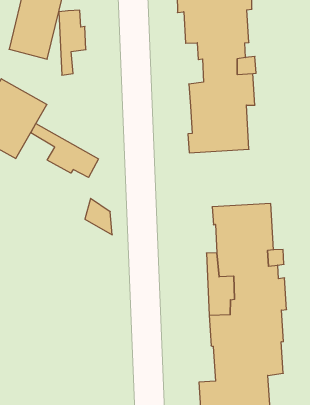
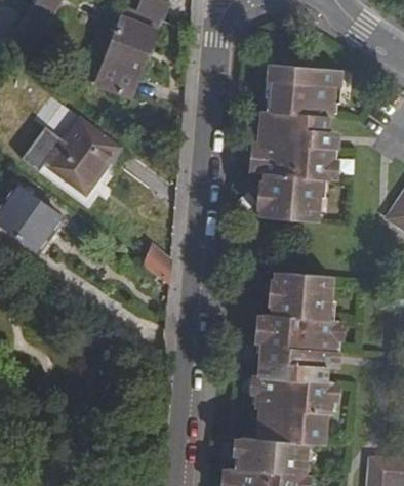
building: [59,10,86,75] -> [252,109,281,170]
building: [31,123,98,177] -> none

